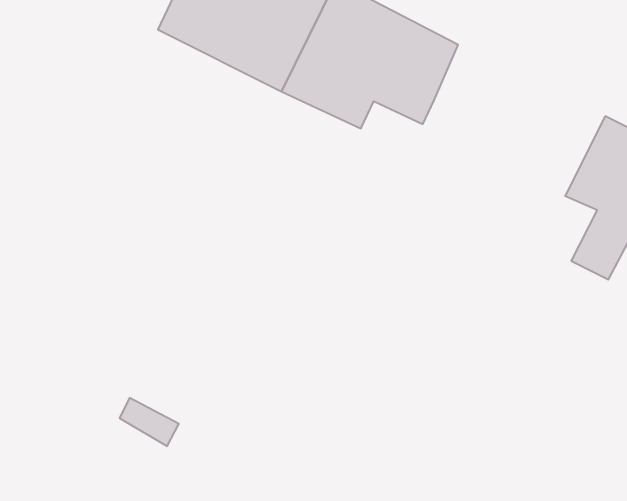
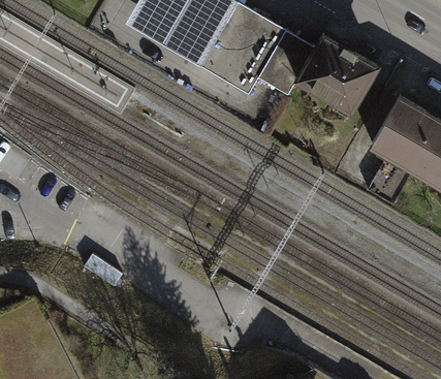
building: none -> [296,31,383,117]

